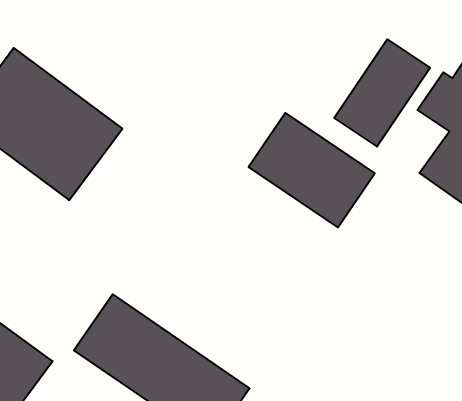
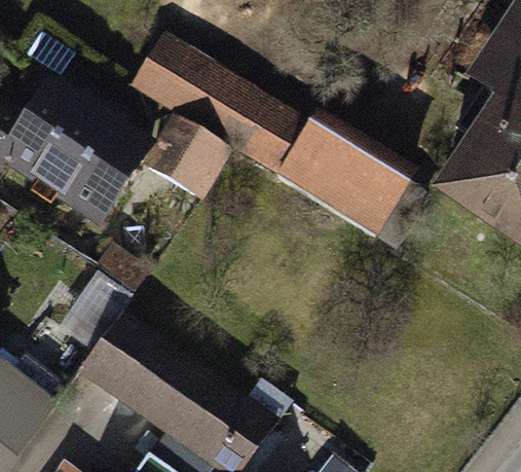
building: none -> [134,37,296,191]
building: [334,39,430,147] -> none

